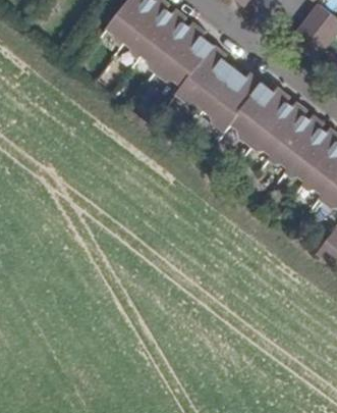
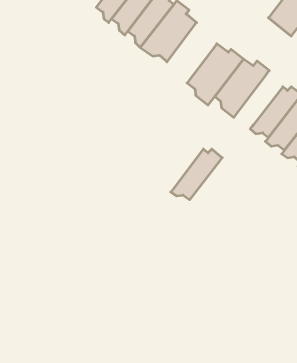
building: [175,46,234,110] -> none
building: [252,101,307,155] -> [171,149,222,200]

